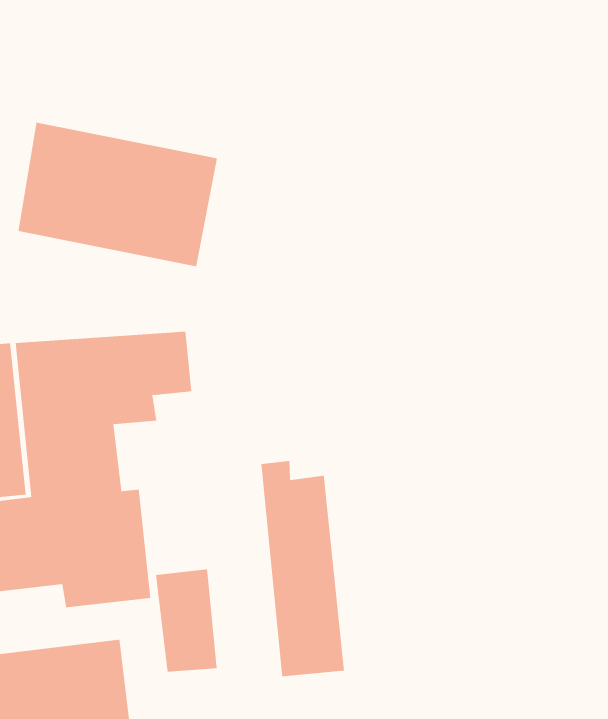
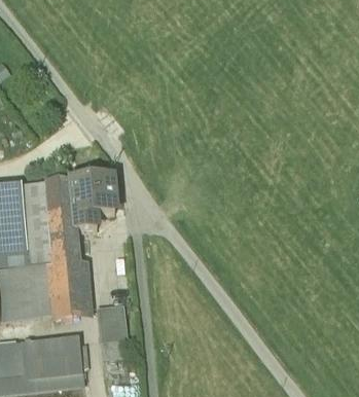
building: [18,122,217,267] -> none
building: [261,460,344,677] -> none

